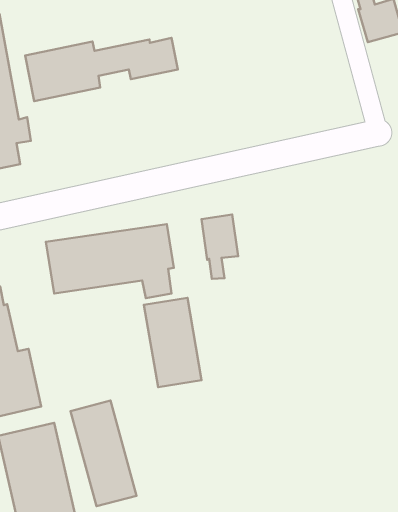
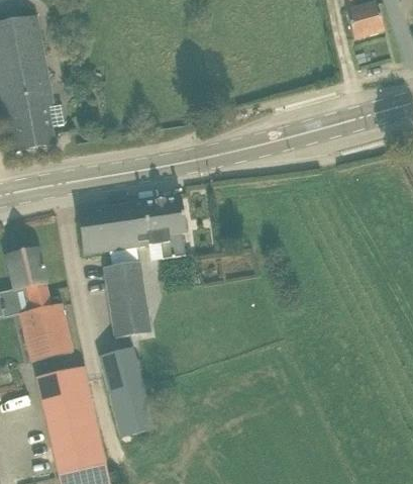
building: [25,38,178,101] -> none
building: [202,214,238,279] -> none
building: [144,298,201,387] -> [102,260,151,336]

